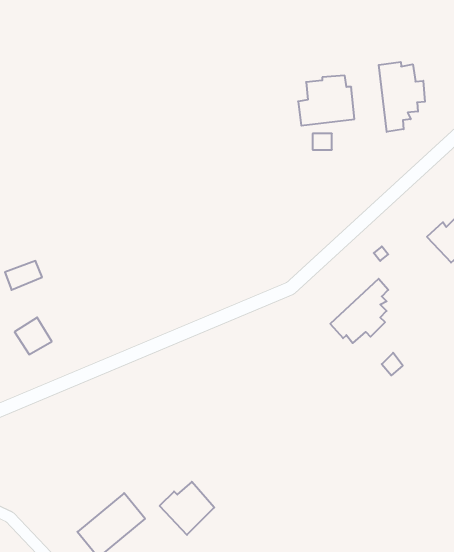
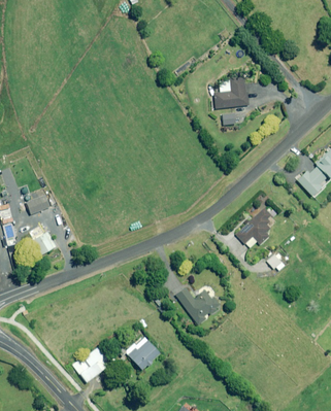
building: [379,62,425,132] -> none
building: none -> [175,286,220,324]

